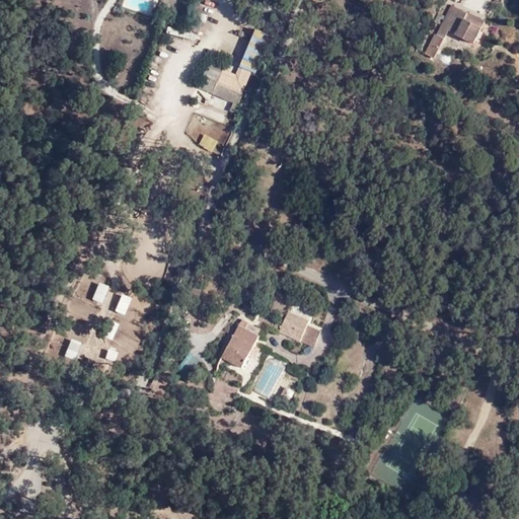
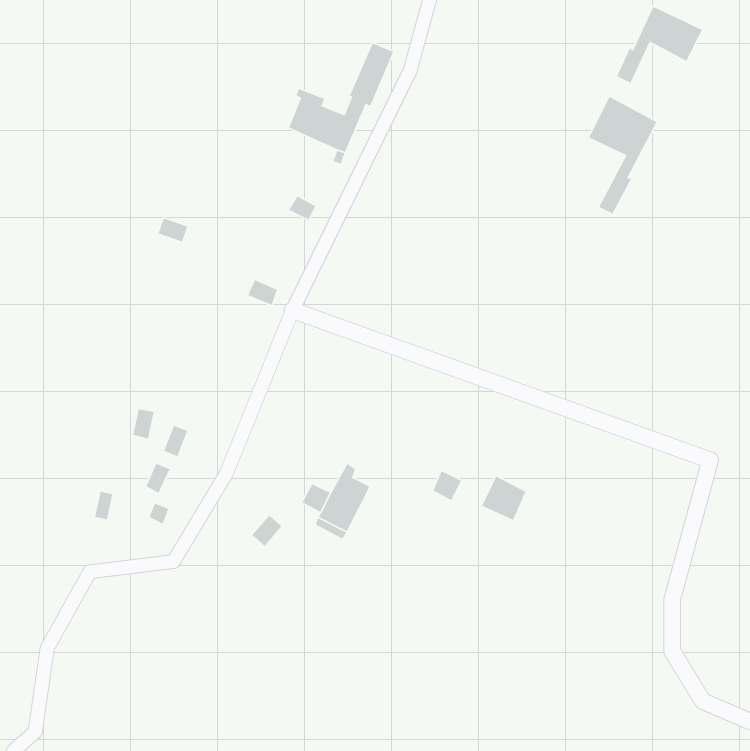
building: none -> [588,96,658,215]
building: [275,309,306,341] -> [481,475,527,521]

